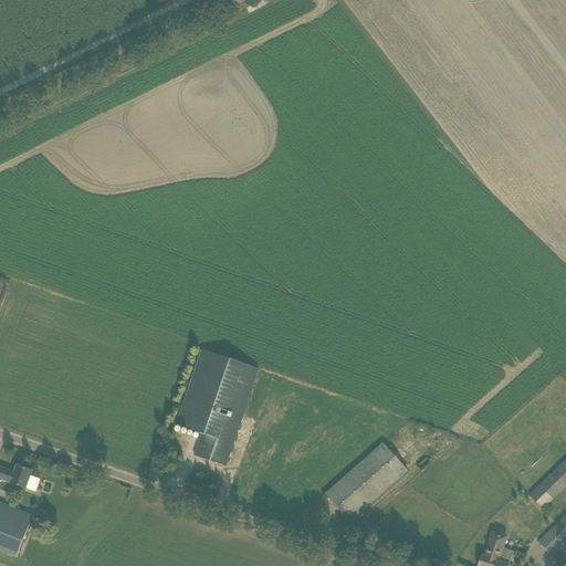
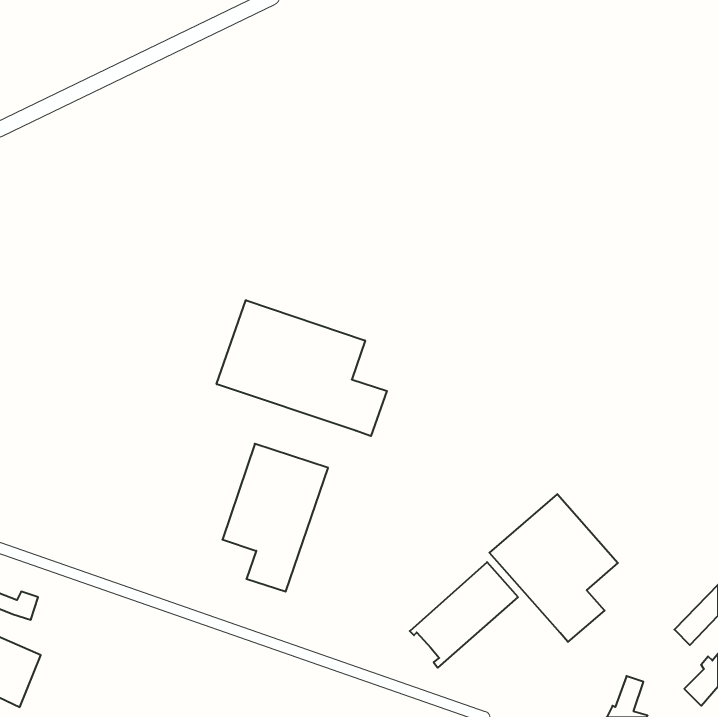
building: none -> [217,300,387,436]
building: none -> [489,494,618,642]

